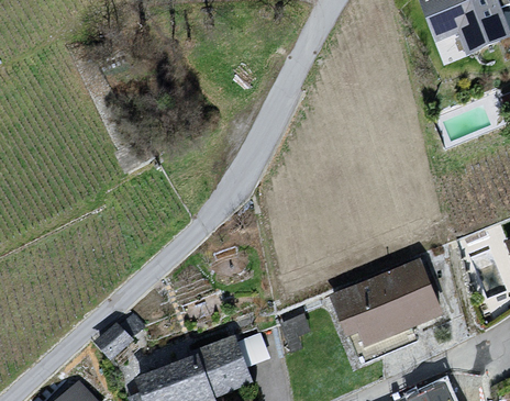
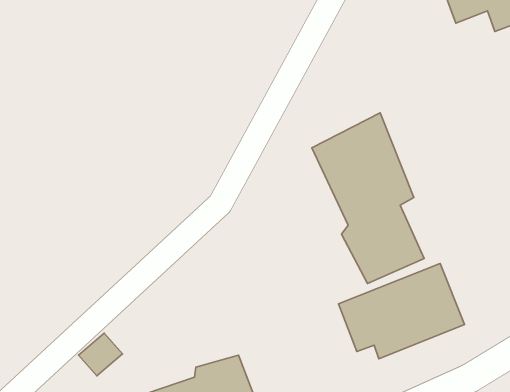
building: none -> [312,113,424,283]

